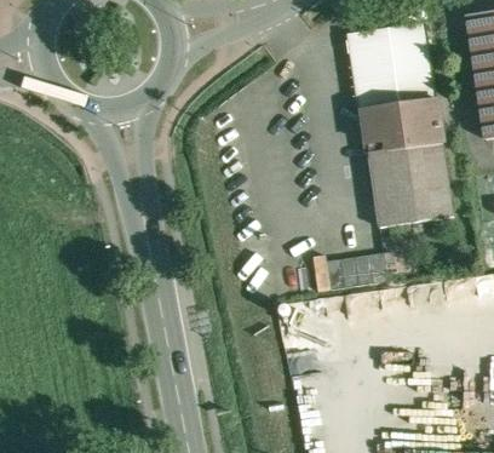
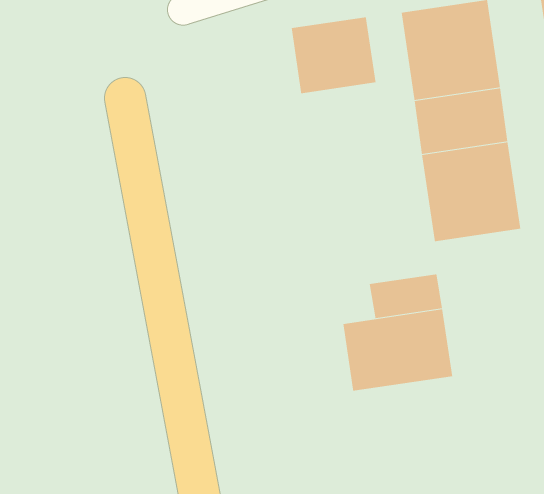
building: none -> [291,16,376,94]
building: none -> [343,309,453,392]

